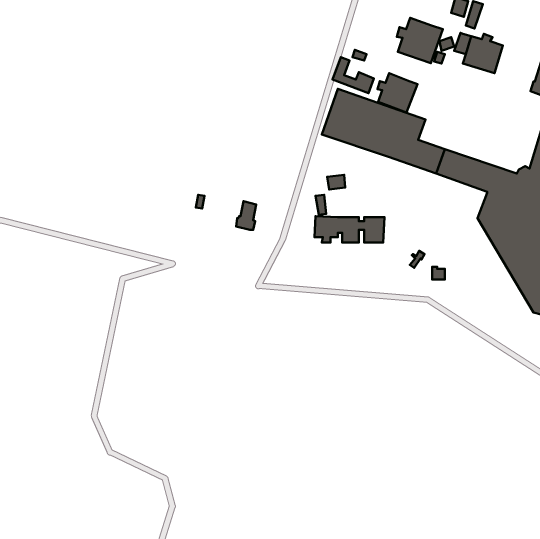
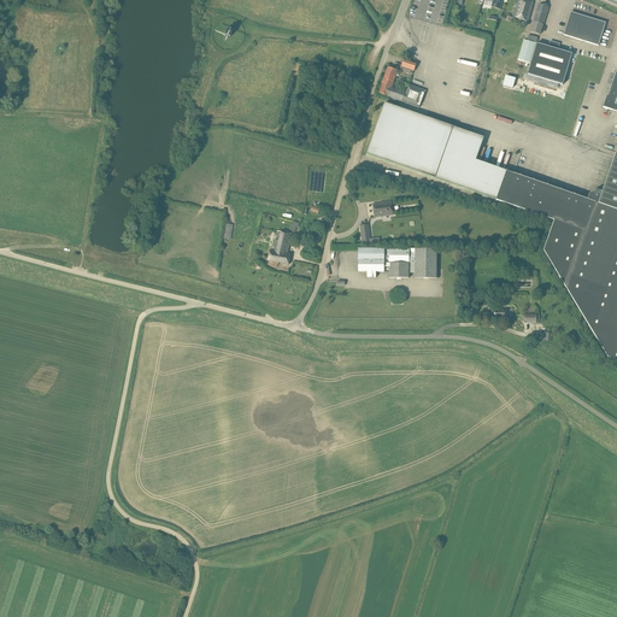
building: none -> [565,10,607,43]
building: [397,18,443,63] -> none
building: [377,73,418,113] -> none

